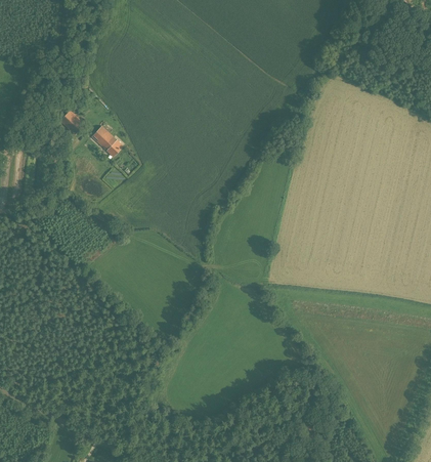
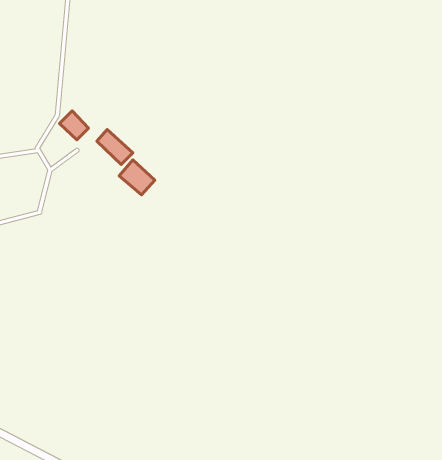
building: none -> [119,160,155,195]

